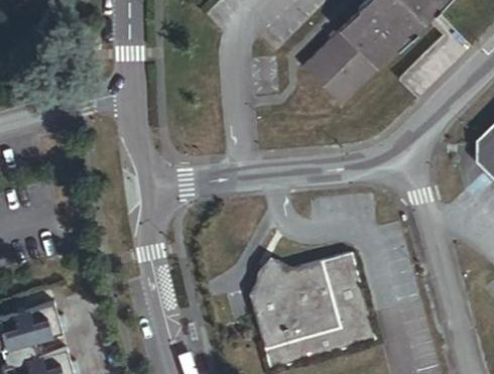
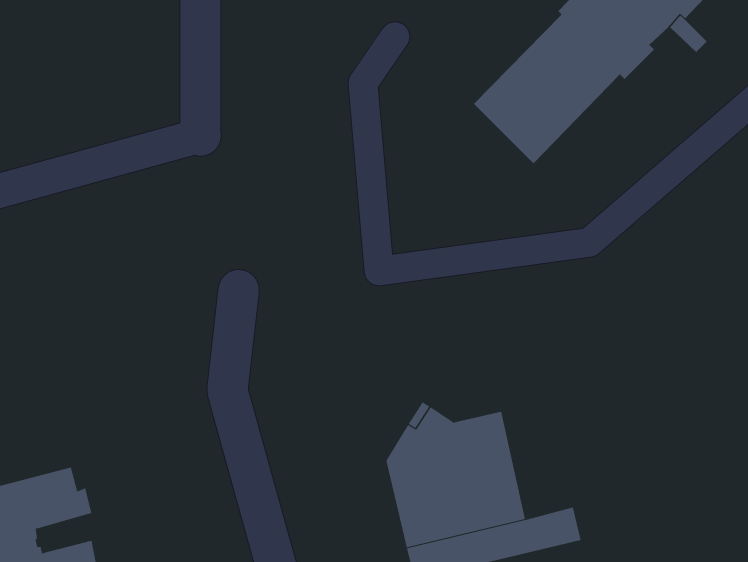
building: [322,254,367,331] -> none

